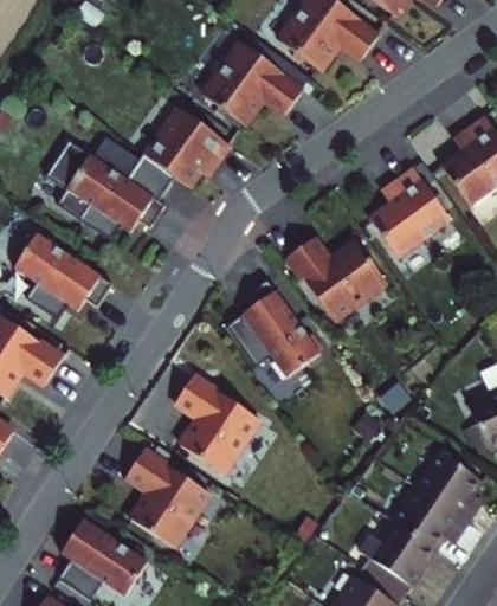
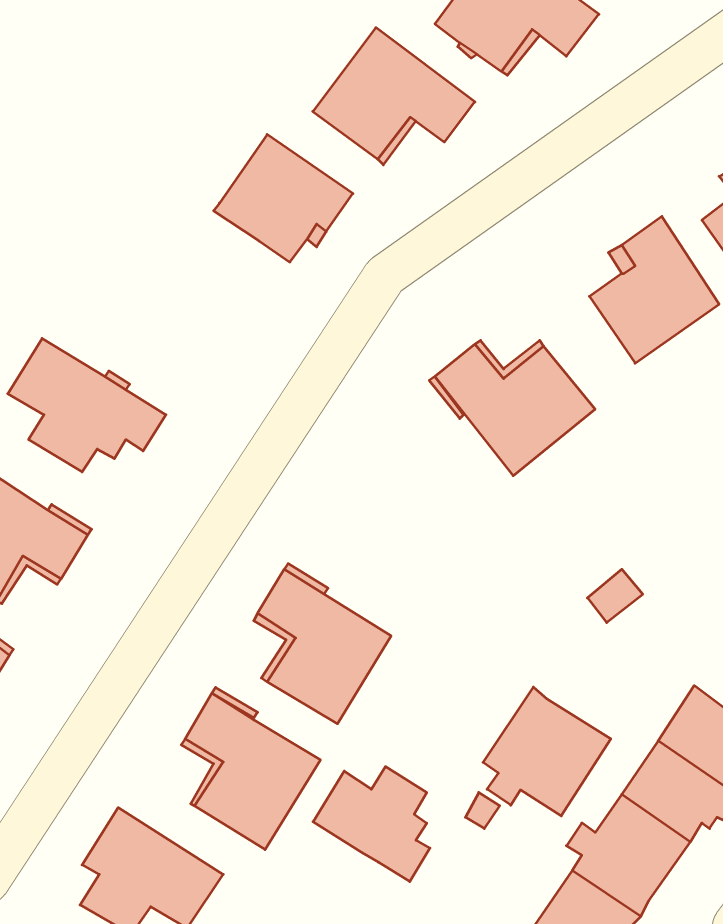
building: [41,138,172,238] -> none
building: [225,282,318,378] -> none
building: none -> [483,687,611,816]
building: none -> [313,767,430,882]

